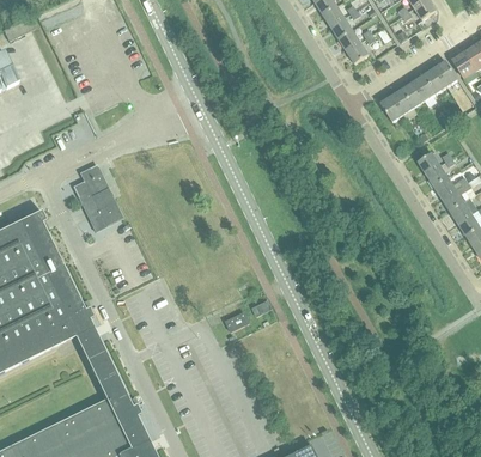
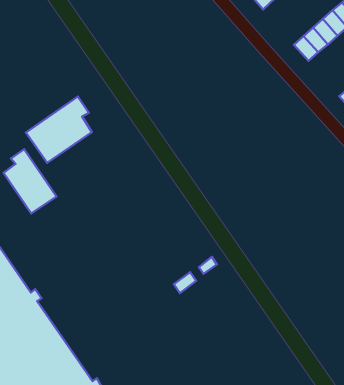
building: none -> [26,97,92,163]

